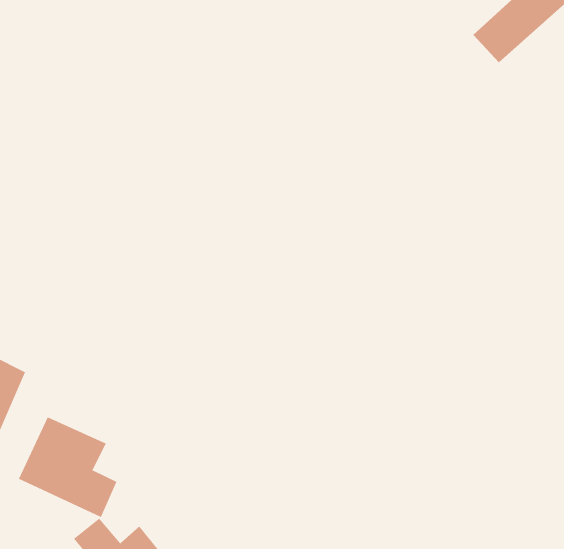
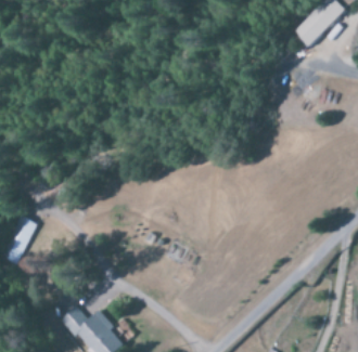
building: [18,416,117,518] -> none

